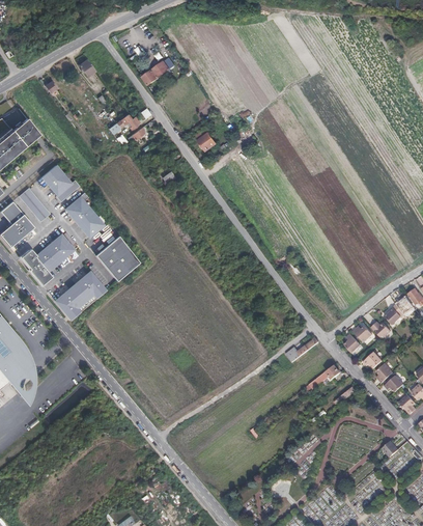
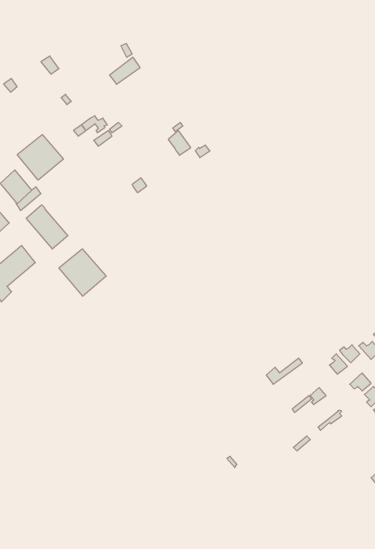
building: none -> [17,135,63,180]
building: [54,271,105,320] -> none

